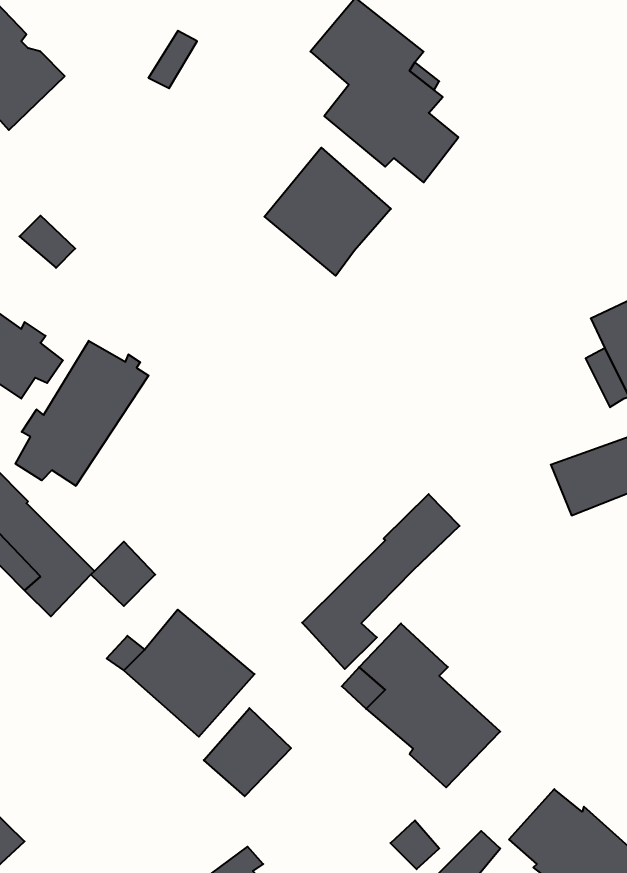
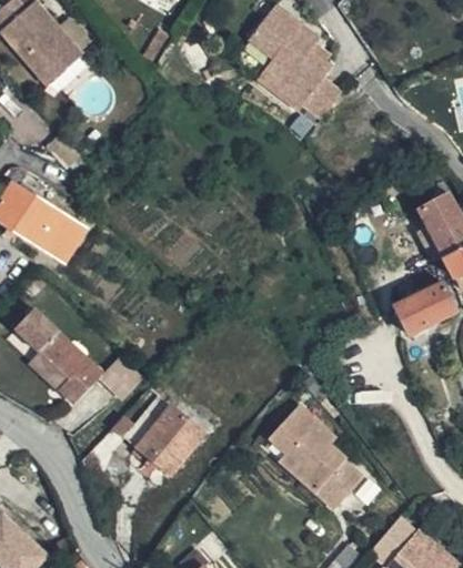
building: [264,148,391,276] -> none
building: [15,341,149,486] -> none
building: [302,494,460,669] -> none
building: [204,708,291,796] -> none

